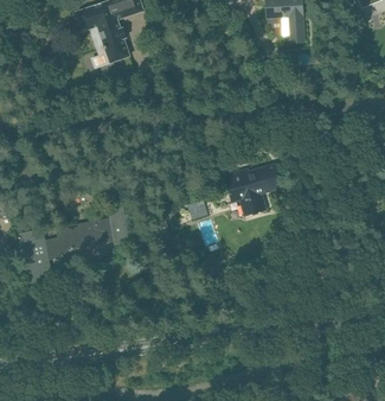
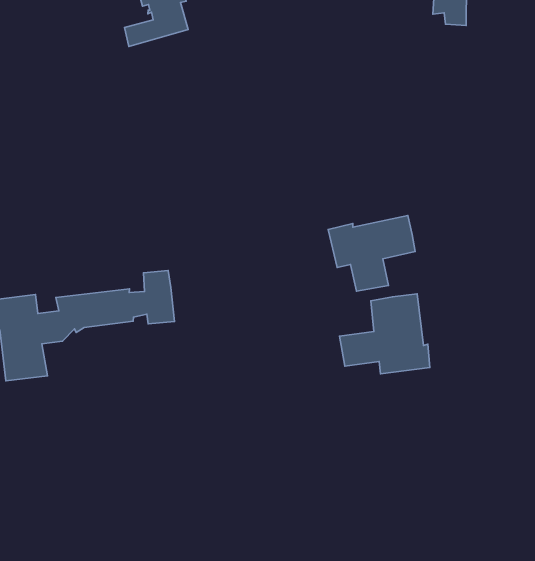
building: none -> [340,294,430,374]

